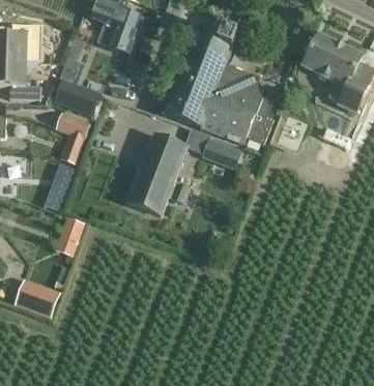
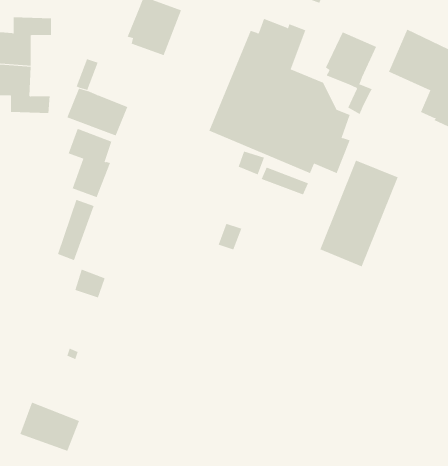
building: none -> [325,31,377,115]
building: [127,132,189,215] -> [319,160,398,267]
building: [13,278,60,317] -> [19,402,80,452]

